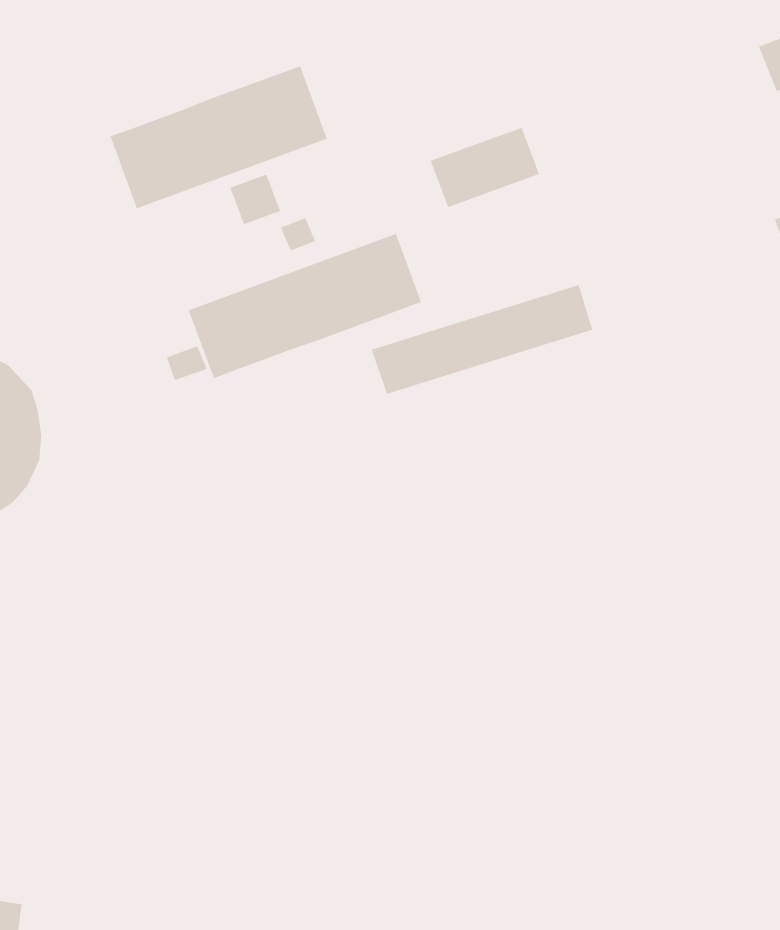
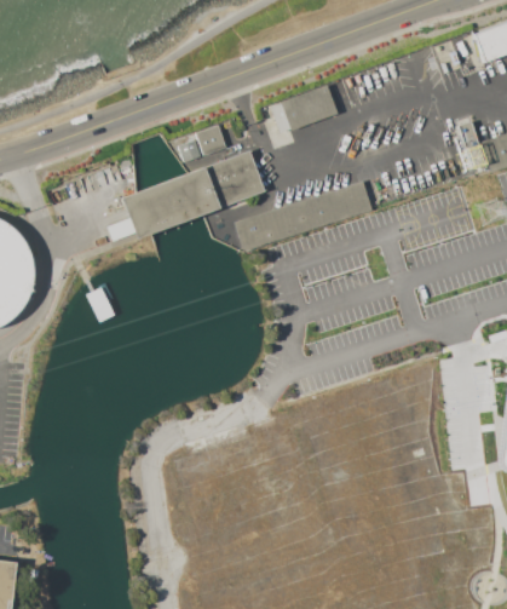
building: [110,65,327,209] -> none
building: [230,174,281,225] -> [196,123,227,155]

